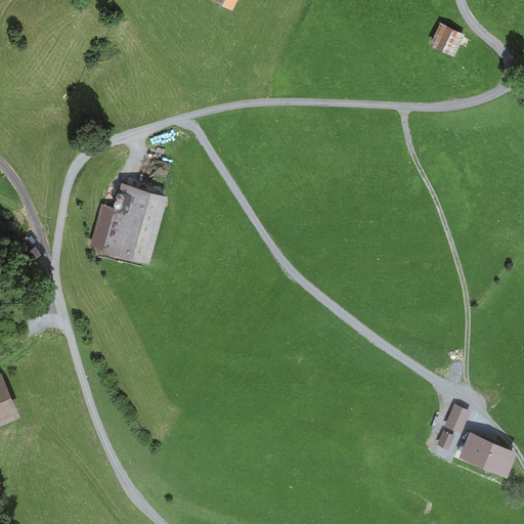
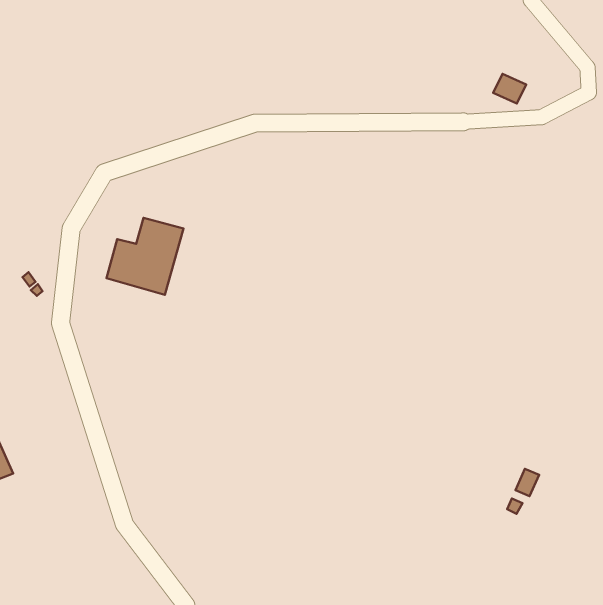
building: [431,25,460,50] -> [493,74,526,103]
building: [463,434,511,469] -> none

